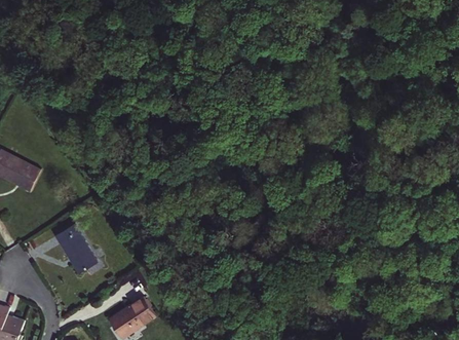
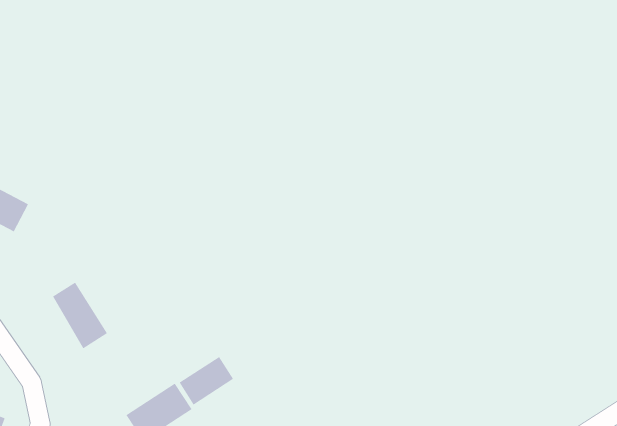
building: none -> [179,356,234,405]

